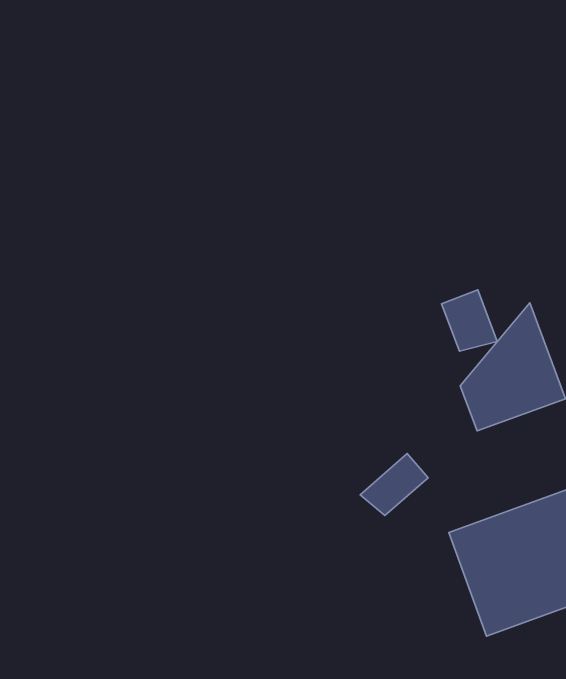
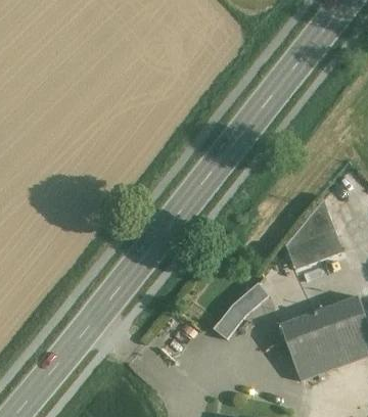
building: [441,290,497,351] -> none
building: none -> [213,304,245,338]

